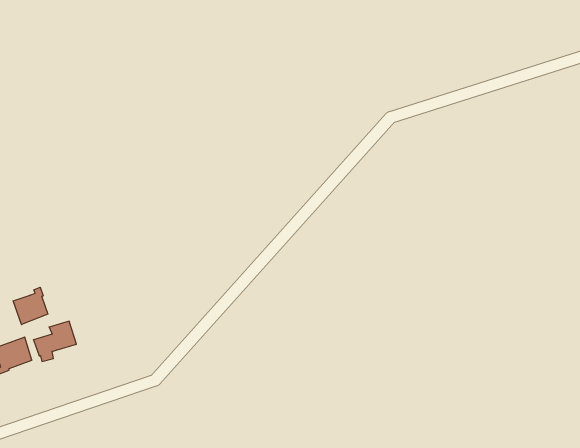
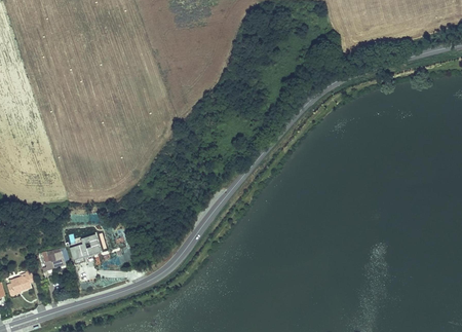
building: [13,287,48,325] -> none

